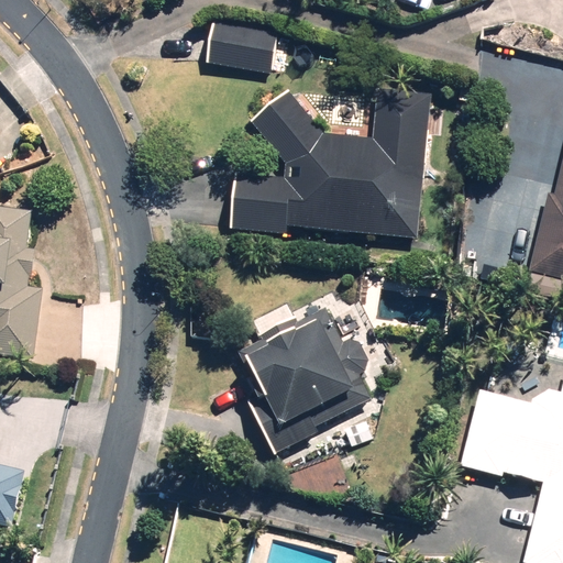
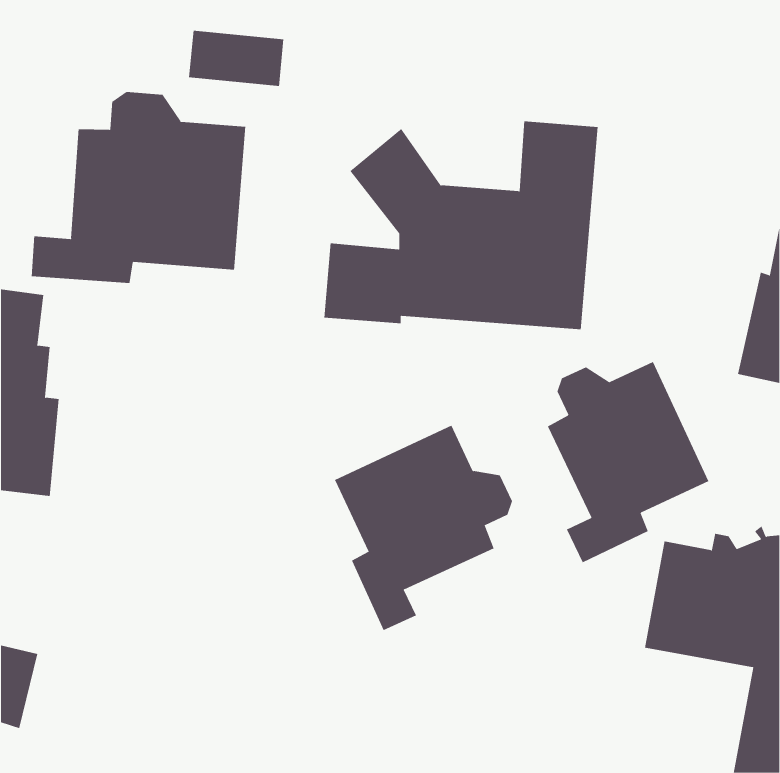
building: [209,30,278,70] -> [188,30,284,87]
building: none -> [31,91,246,284]
building: none -> [547,361,709,563]

